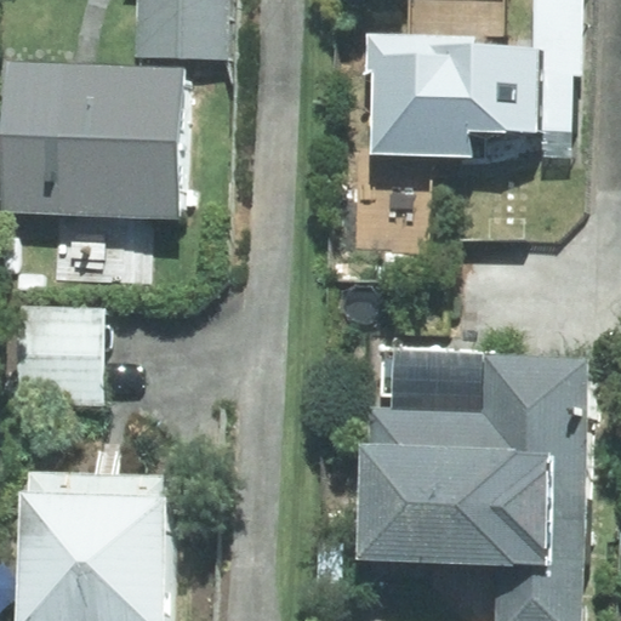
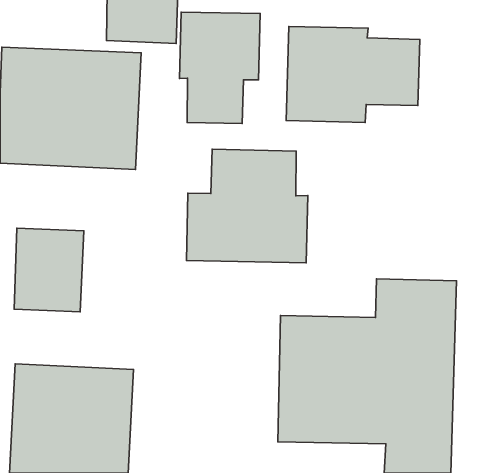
building: none -> [180,12,260,123]
building: none -> [186,149,308,263]

